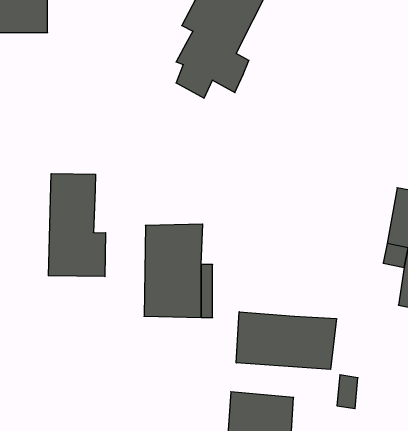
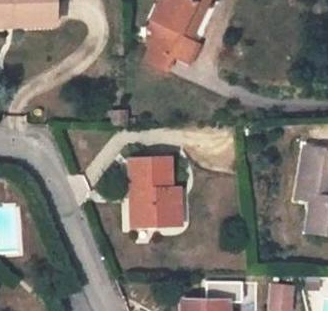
building: [48,174,106,277] -> none
building: [236,312,336,369] -> none

